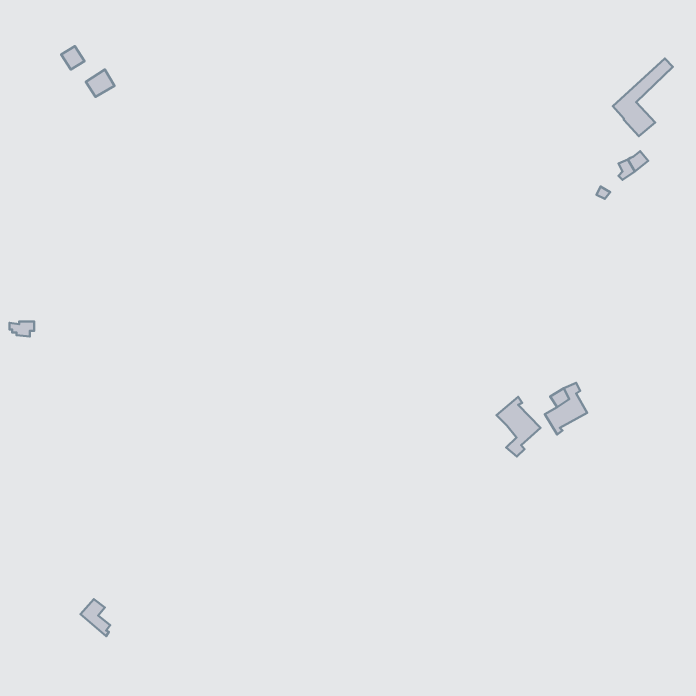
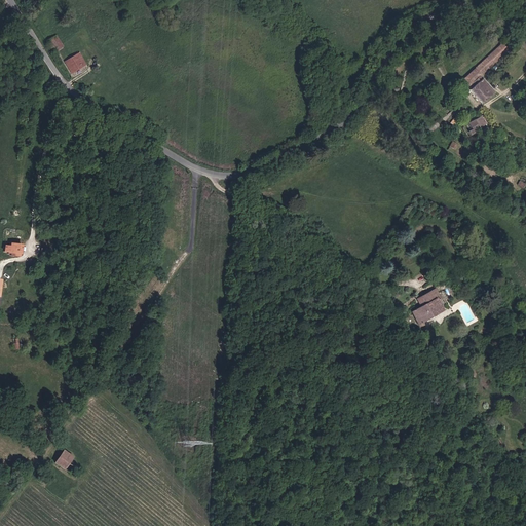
building: [497,397,541,457] -> none

